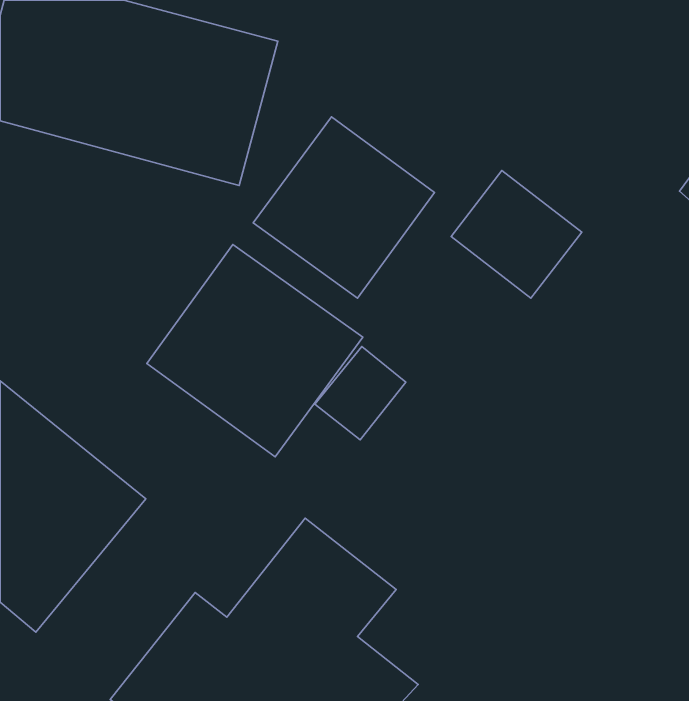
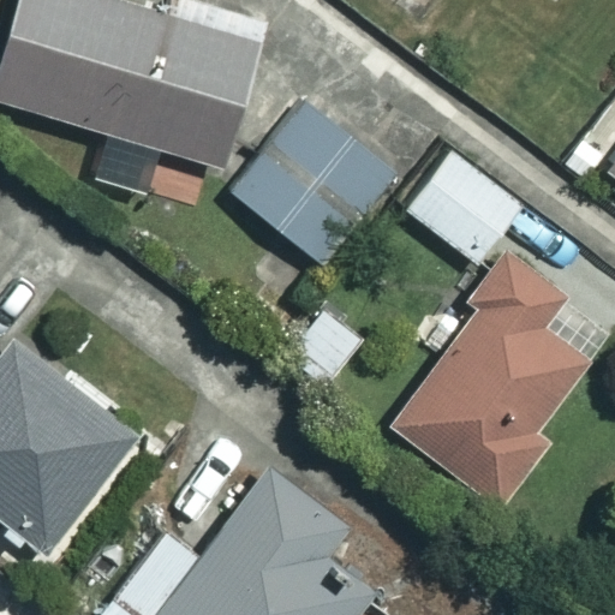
building: [147,244,363,457] -> none
building: none -> [387,259,591,501]

